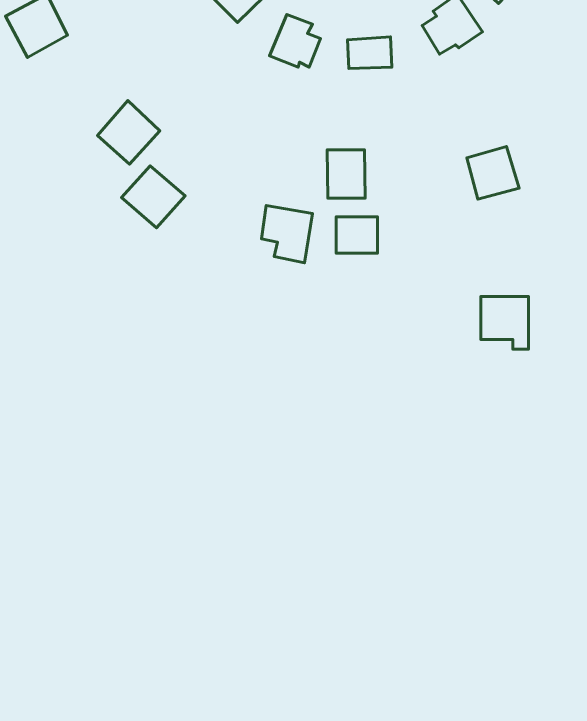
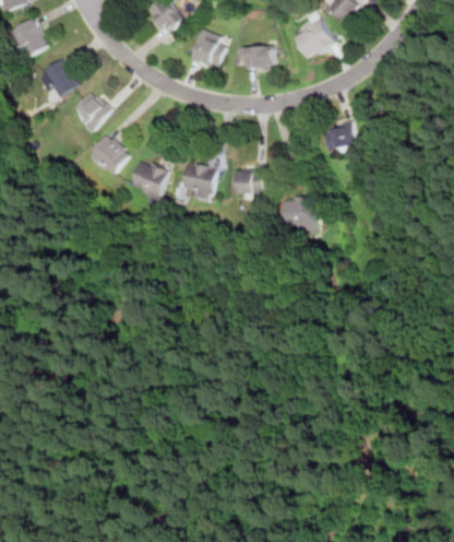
building: none -> [37,57,81,101]
building: [327,150,365,198] -> none
building: none -> [130,158,170,203]
building: [481,297,529,349] -> [283,197,315,233]

